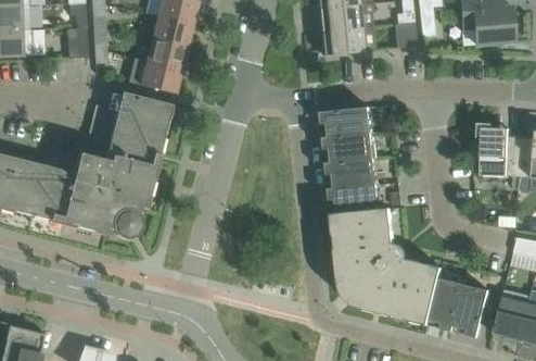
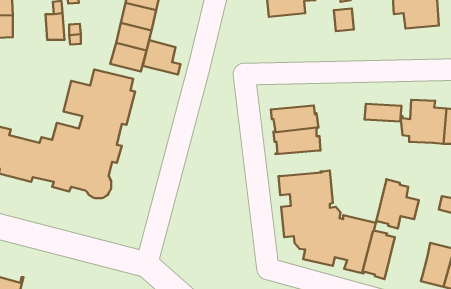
building: [320,26,374,55] -> none
building: none -> [143,40,181,75]
building: [320,107,373,137] -> none
building: none -> [365,104,401,122]
building: [328,184,382,213] -> none
building: [451,281,500,337] -> [376,179,419,229]

